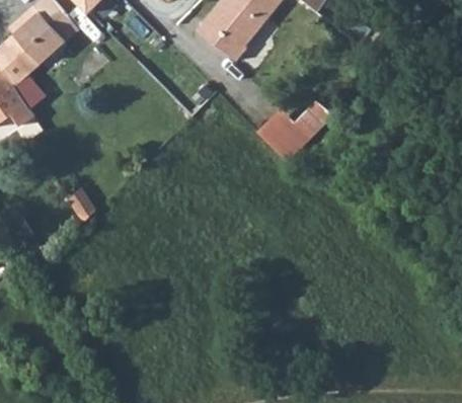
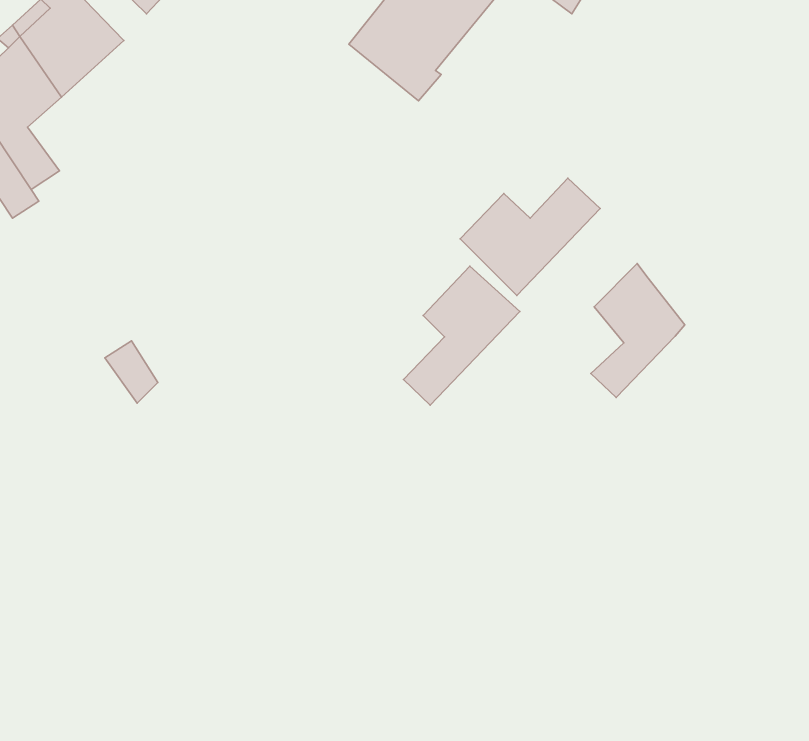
building: none -> [591,263,685,398]
building: none -> [404,266,520,405]

